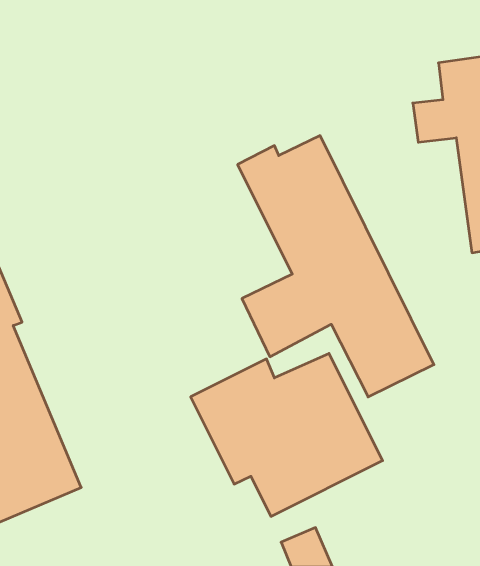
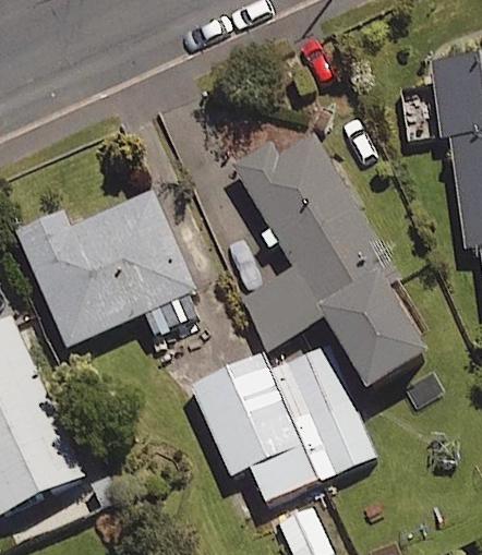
building: none -> [19,192,204,346]

